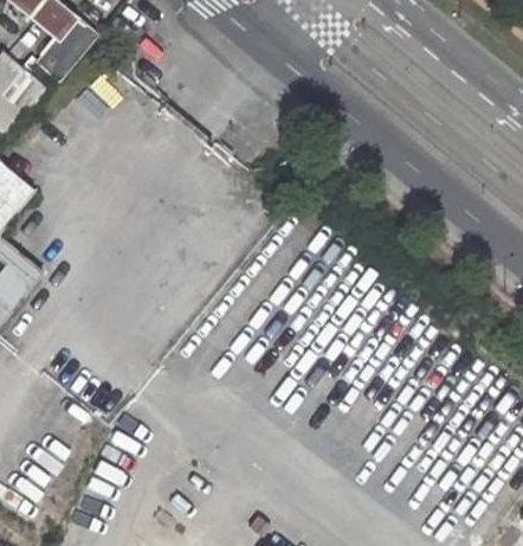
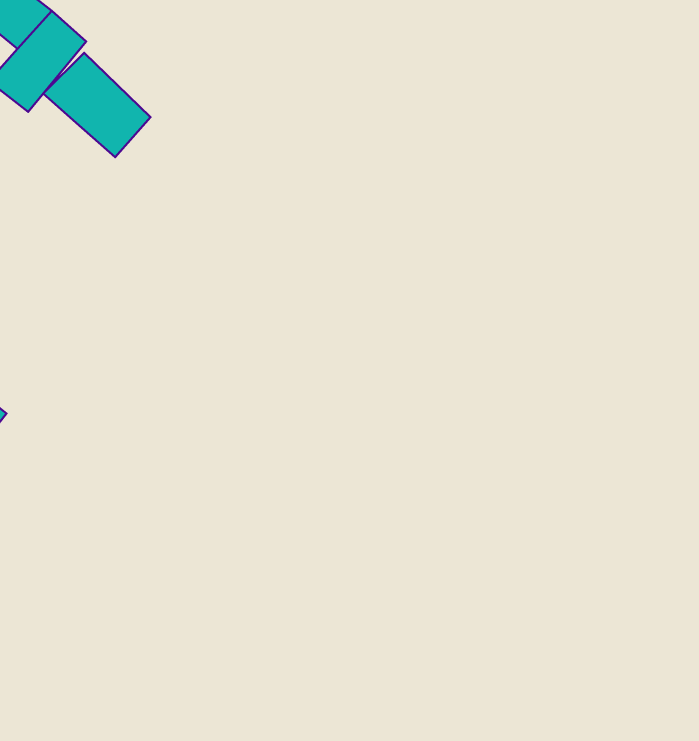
building: none -> [43,53,150,157]

